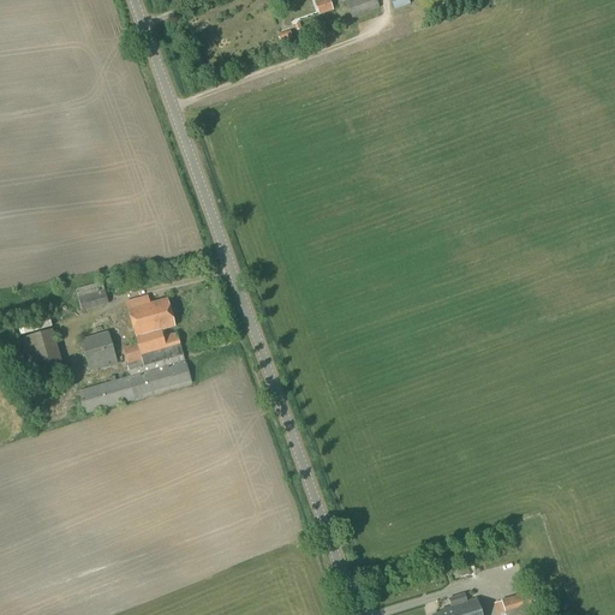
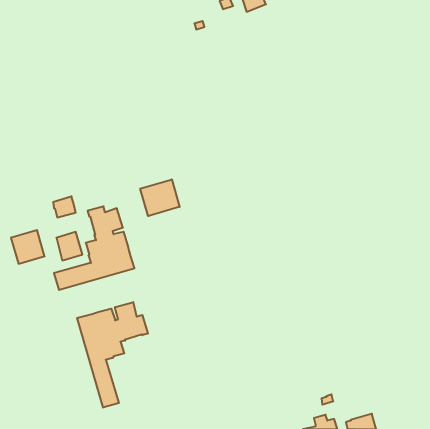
building: none -> [140,179,180,216]
building: none -> [77,302,148,408]

